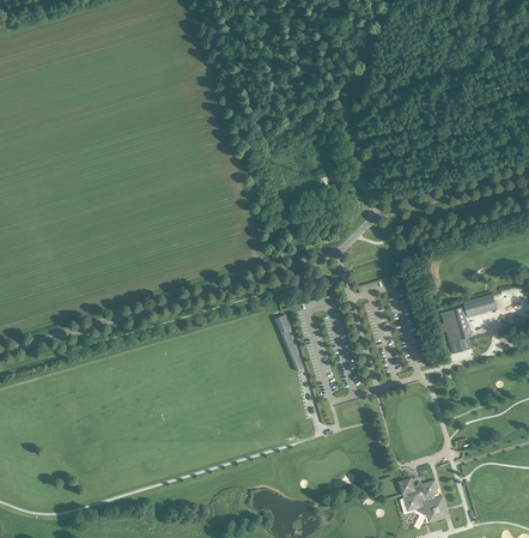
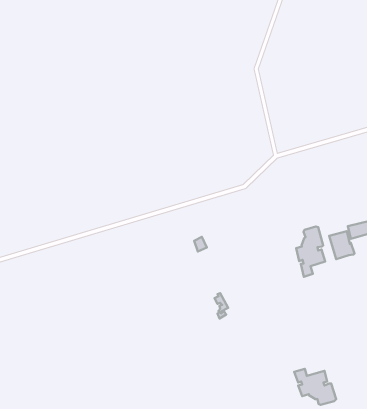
building: none -> [296,226,325,277]

